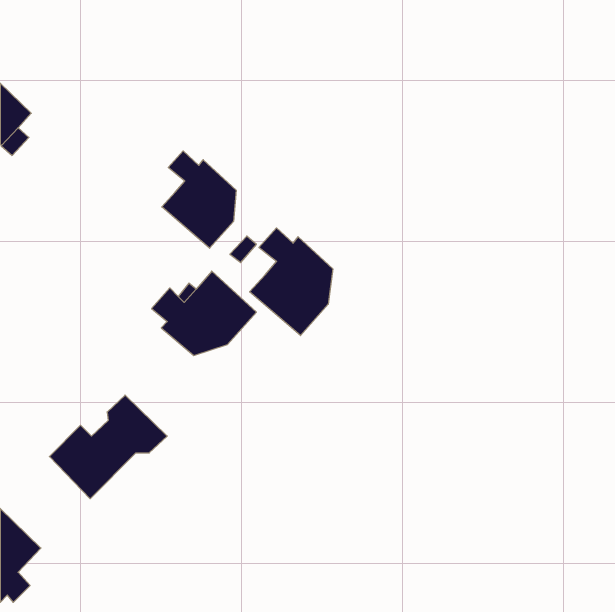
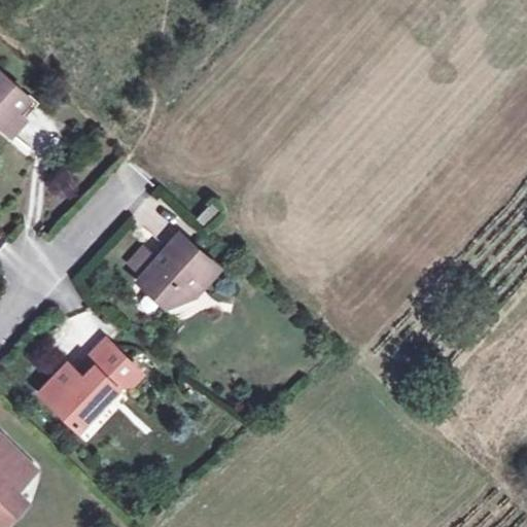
building: [162,151,236,248] -> none
building: [250,228,333,336] -> none

